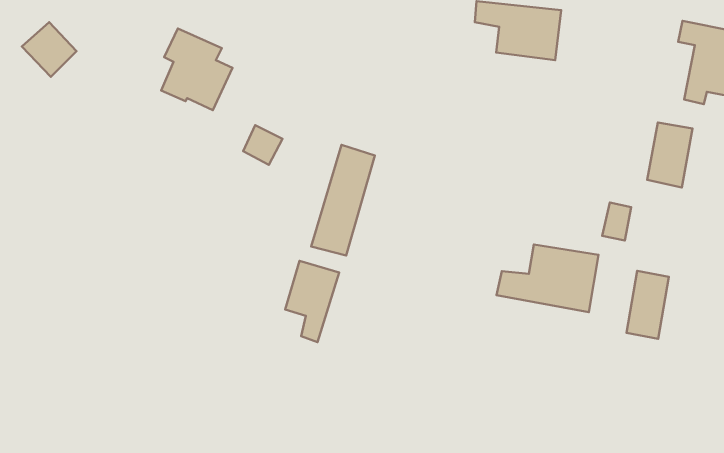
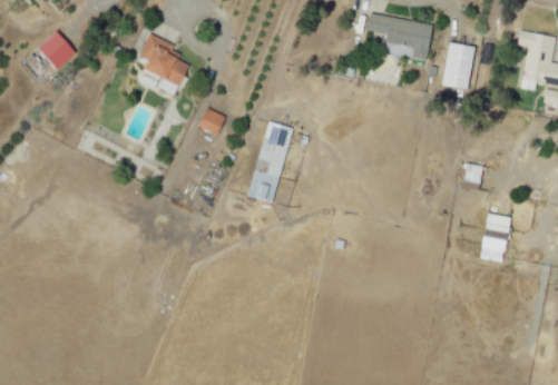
building: [647,122,693,188] -> [441,41,474,89]
building: [496,244,599,312] -> none
building: [285,261,339,342] -> none

